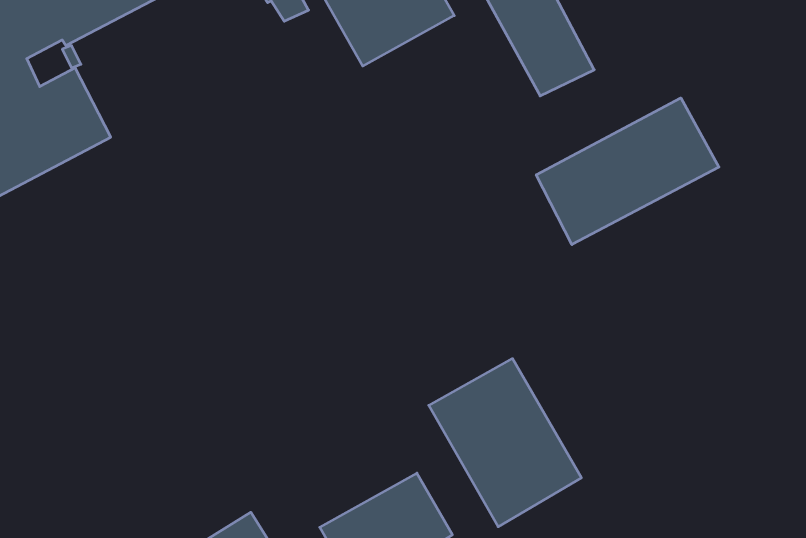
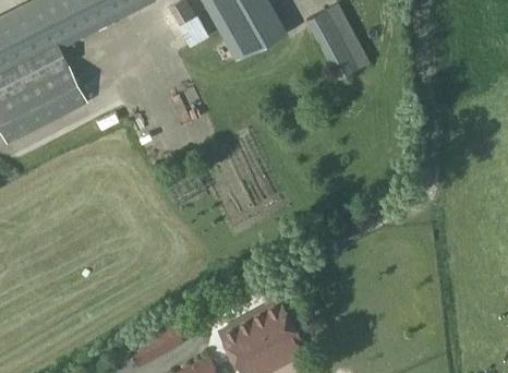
building: [536,98,719,245] -> none
building: [429,359,581,527] -> none

